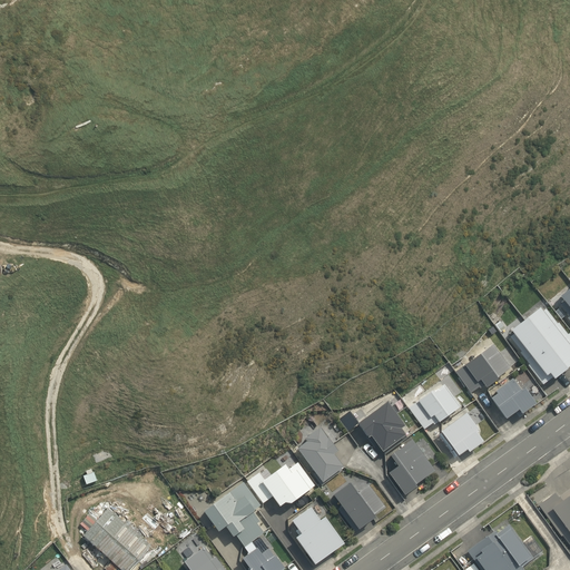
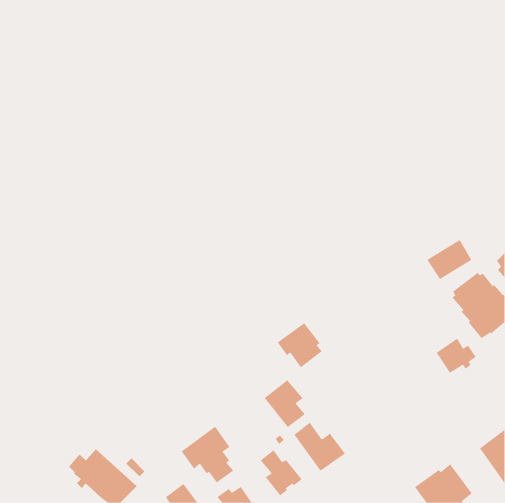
building: [458,344,509,390] -> [427,239,472,280]
building: [411,385,461,424] -> none
building: [357,402,409,453] -> [277,323,322,368]
building: [442,414,485,456] -> none
building: [389,440,436,498] -> none
building: [247,461,314,503] -> none

